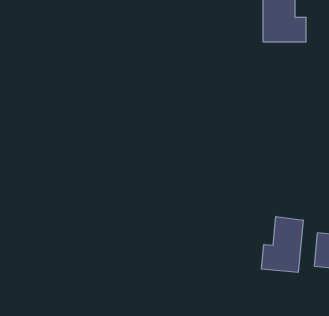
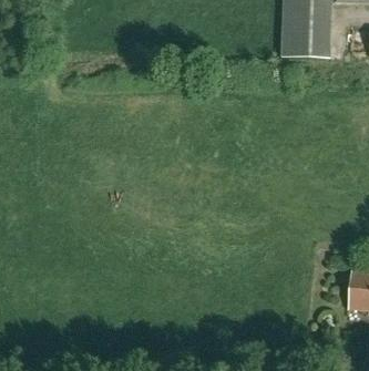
building: [261,216,303,272] -> none

